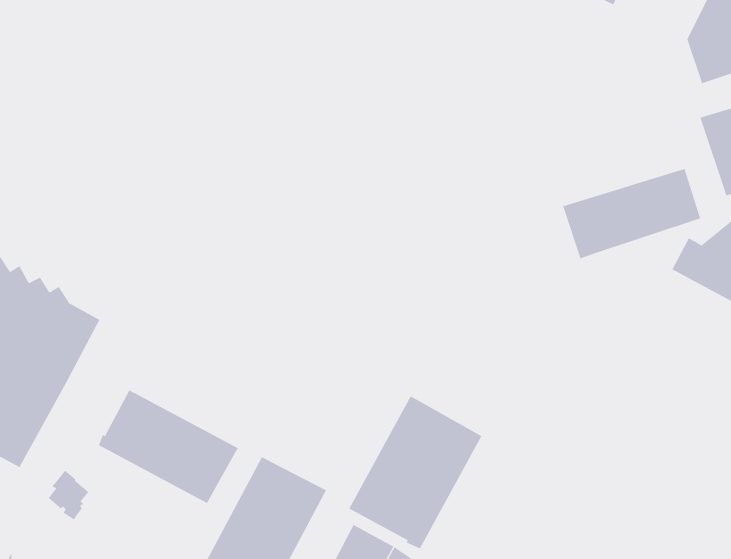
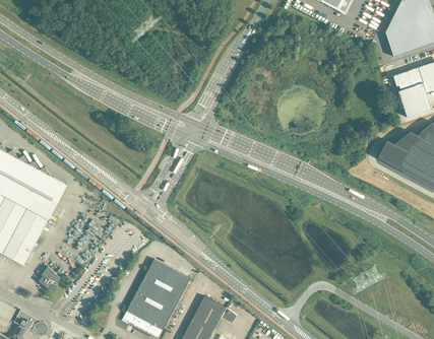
building: [563,168,701,259] -> none
building: [98,390,238,504] -> none
building: [348,395,482,549] -> none

